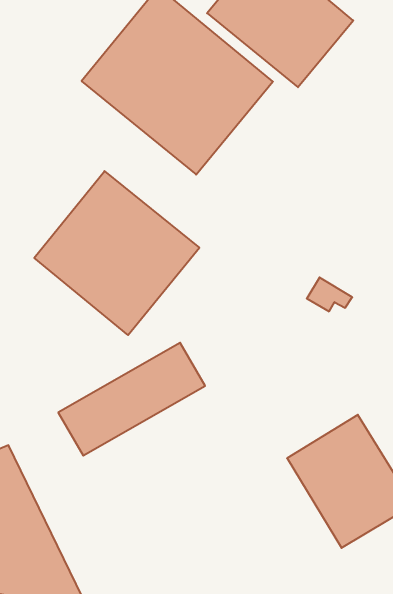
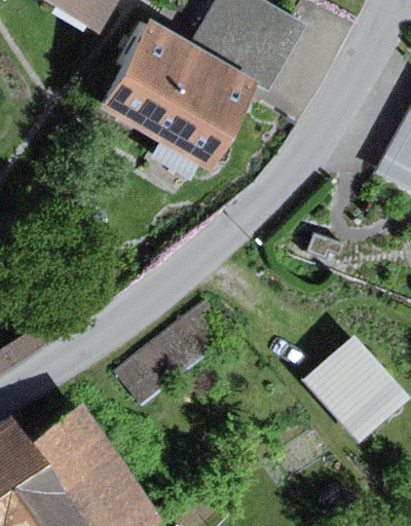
building: [34,171,199,335] -> none

